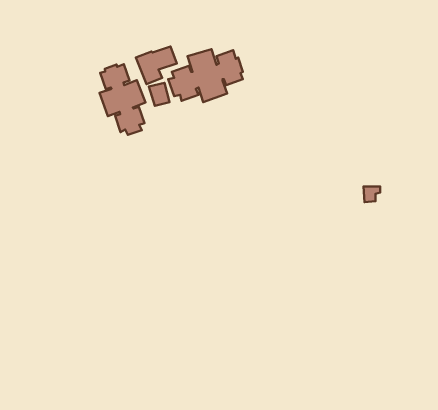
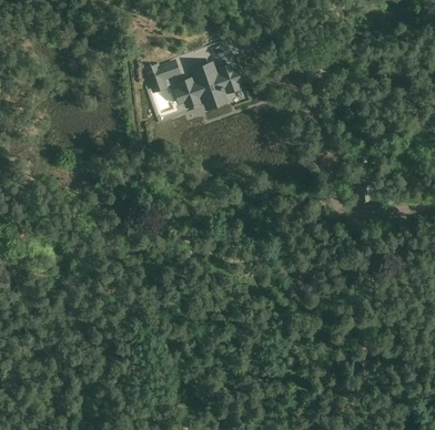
building: [100,64,146,135] -> none

